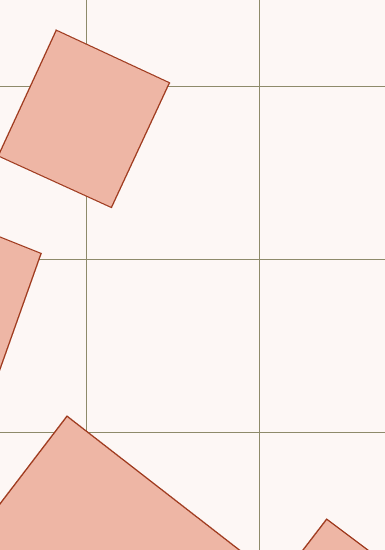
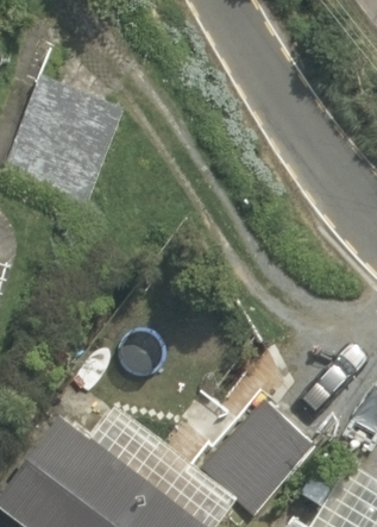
building: none -> [177,376,303,510]

